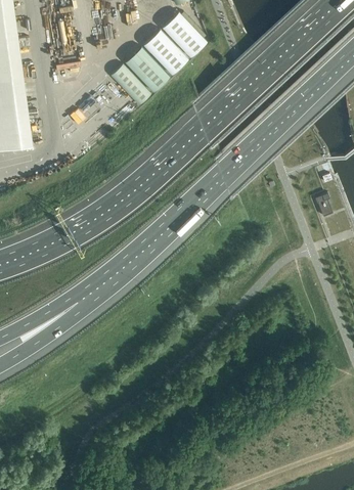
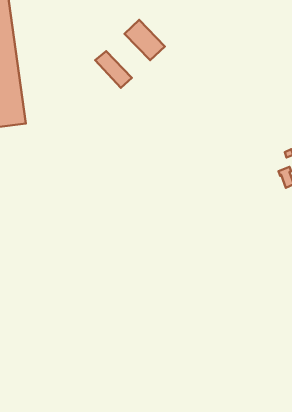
building: [161,13,206,58] -> none
building: [124,48,169,93] -> none

